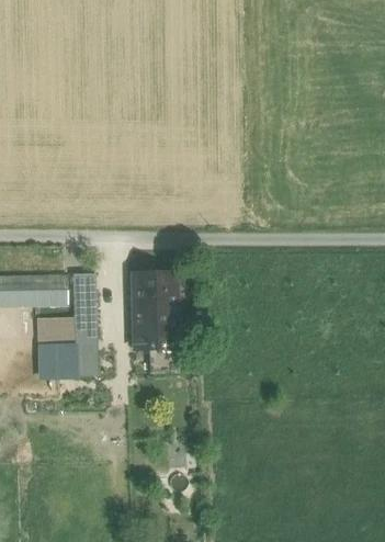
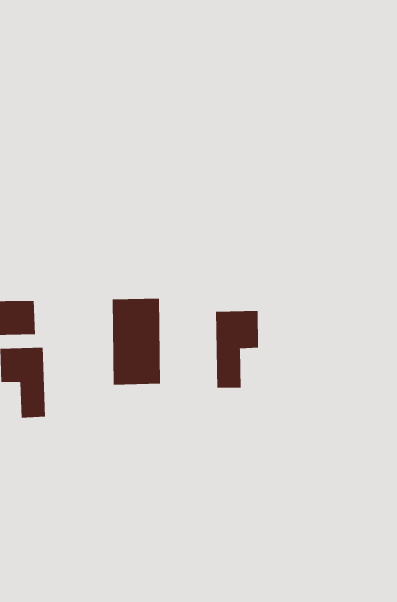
building: [72,274,98,376] -> none
building: none -> [216,310,259,388]

